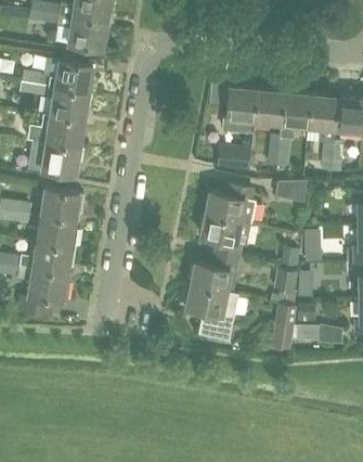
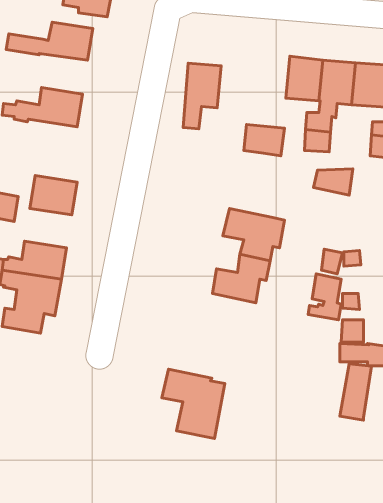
building: [47,86,89,119] -> none
building: [224,86,256,140] -> [183,63,221,129]
building: [38,140,80,175] -> none
building: [206,184,256,223] -> none
building: [37,214,76,246] -> none
building: [186,284,238,342] -> [162,369,225,439]
building: [271,304,297,350] -> [340,364,371,420]

